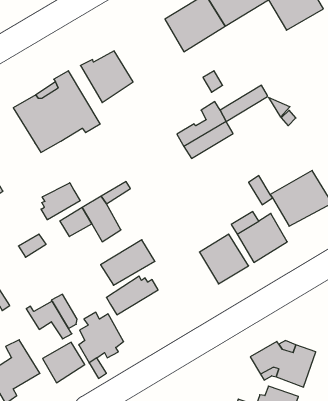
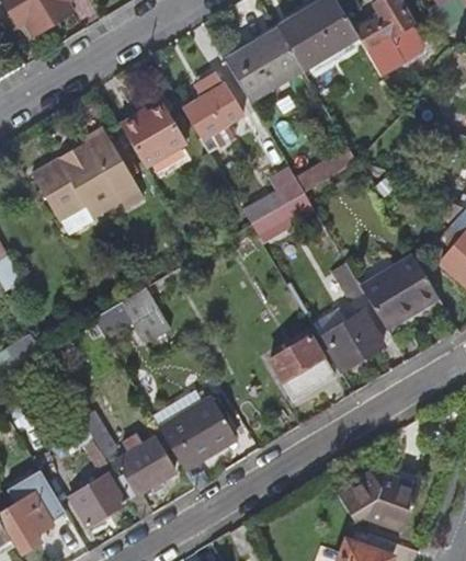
building: none -> [186,75,242,152]
building: [41,183,80,220] -> none
building: [101,240,155,285] -> [166,408,235,466]

